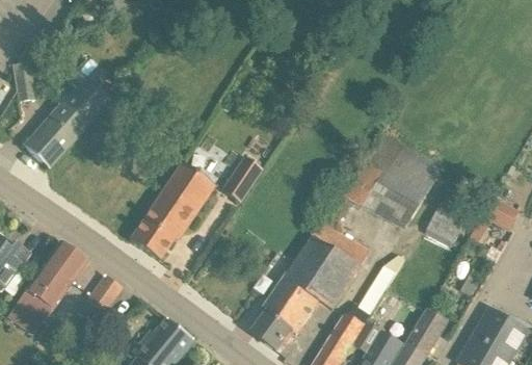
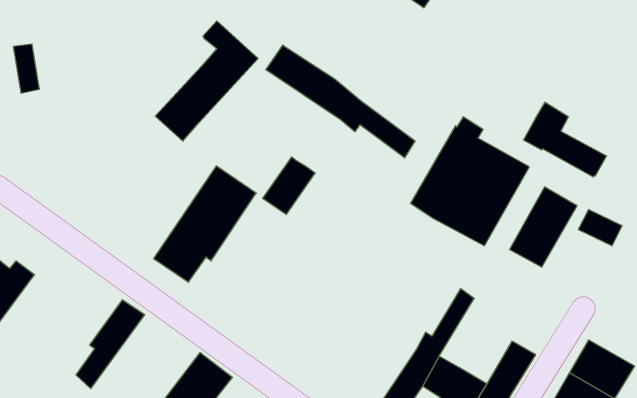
building: none -> [266,45,415,158]
building: [24,67,109,166] -> [155,21,258,141]
building: none -> [523,102,606,177]
building: [251,221,369,349] -> none
building: [6,241,86,335] -> none

